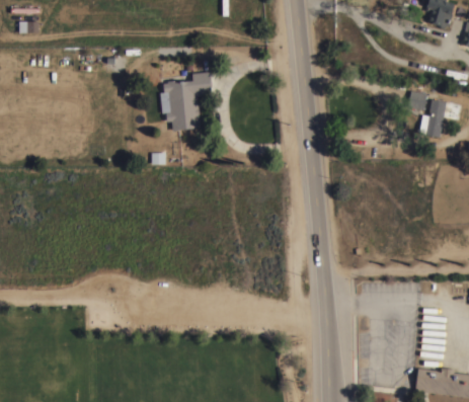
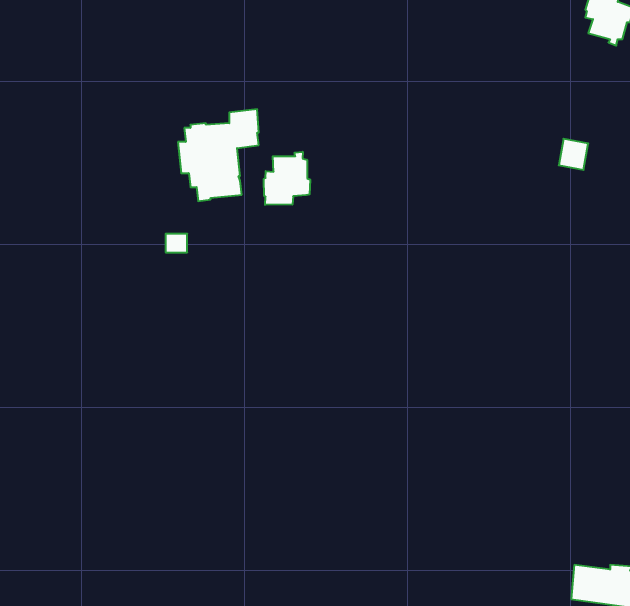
building: none -> [264,152,310,205]
building: [419,100,448,138] -> none

